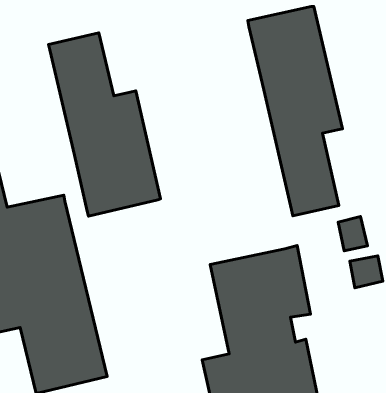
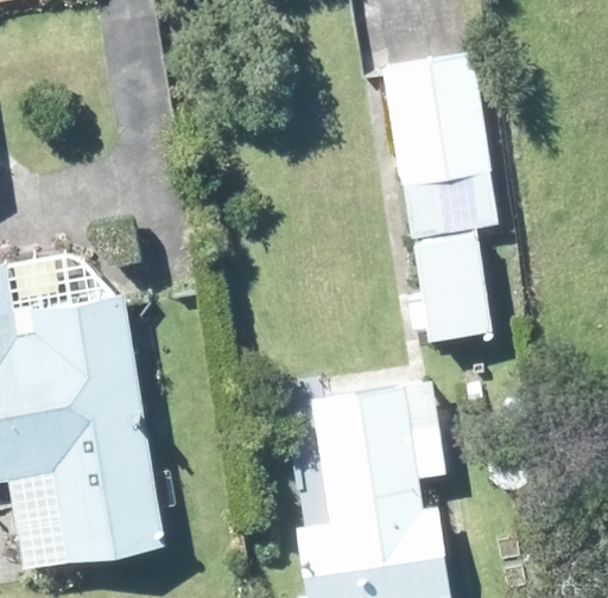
building: [49,33,160,216] -> none

